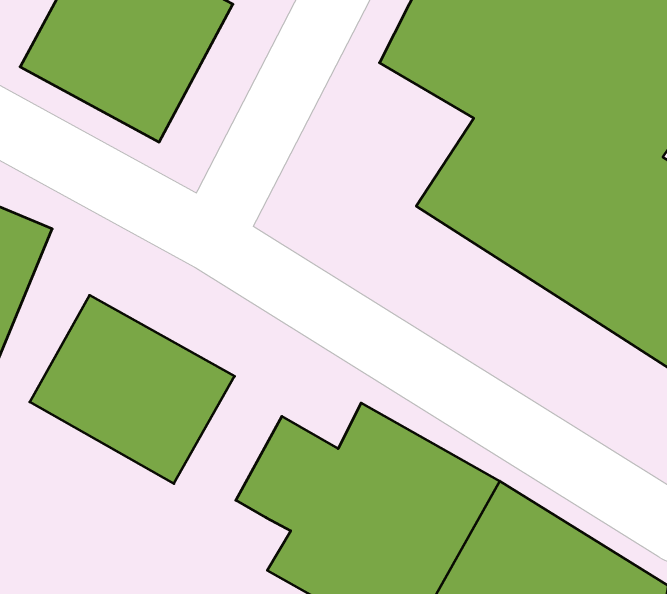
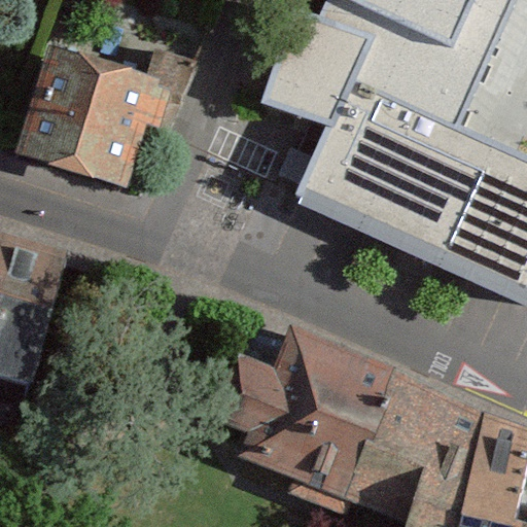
building: [30,295,235,484] -> none

